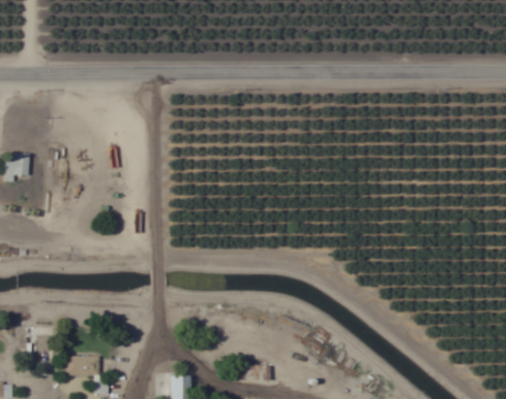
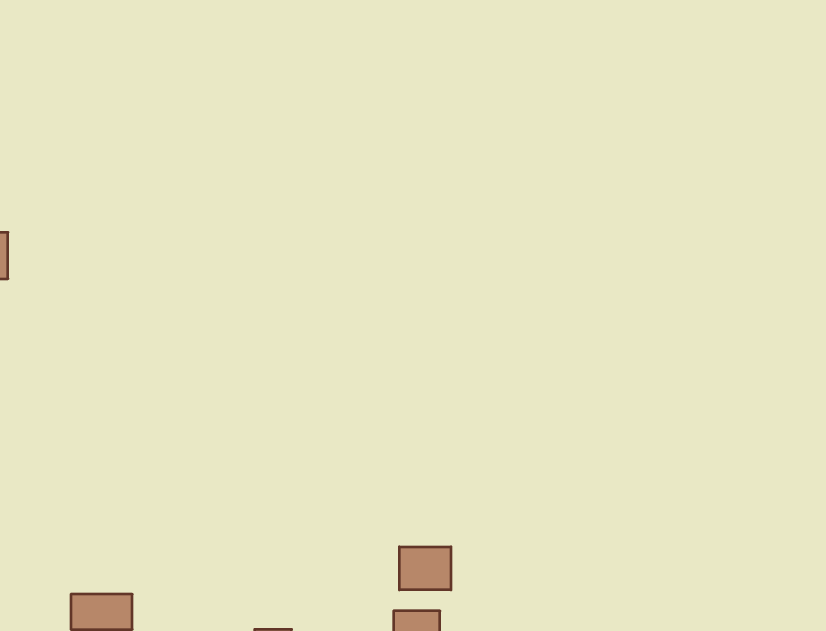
building: none -> [399,547,451,590]

